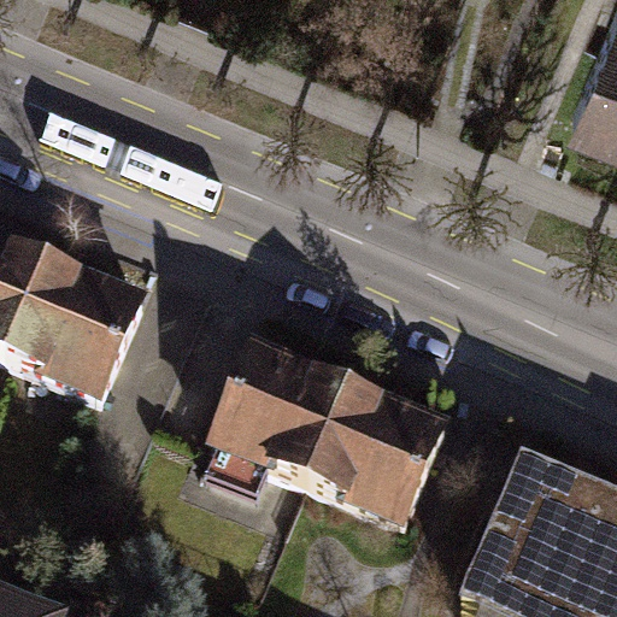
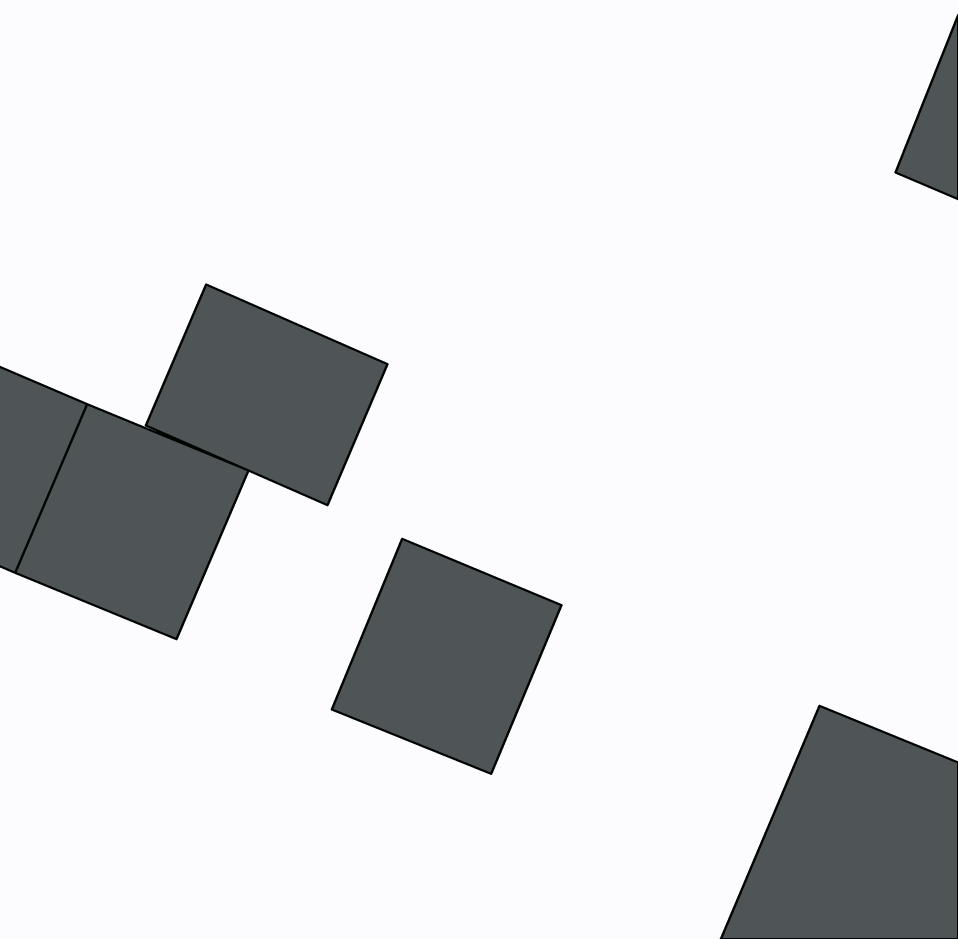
building: none -> [146,285,388,505]
building: [312,384,459,534] -> none

